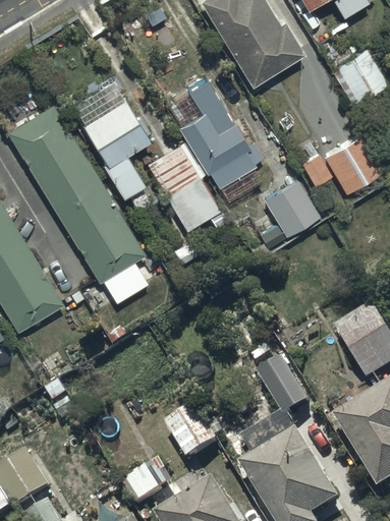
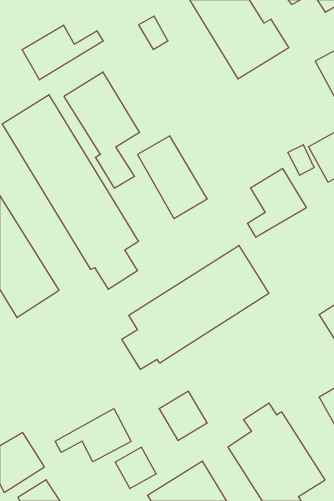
building: none -> [22,25,103,80]
building: [177,100,263,185] -> none
building: none -> [122,245,269,369]
building: [258,358,309,415] -> none
building: none -> [55,409,131,462]

